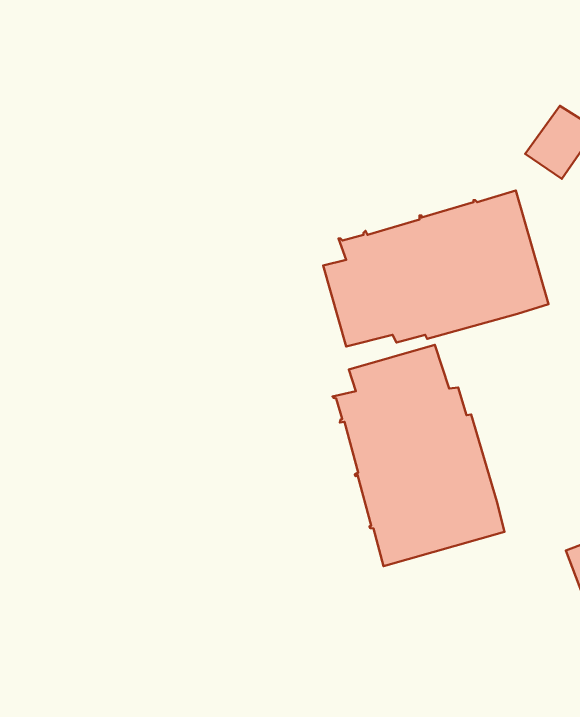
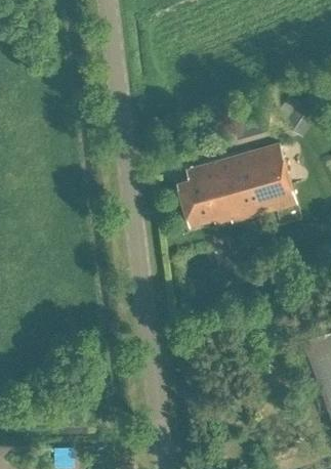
building: [332,345,505,566] -> none

